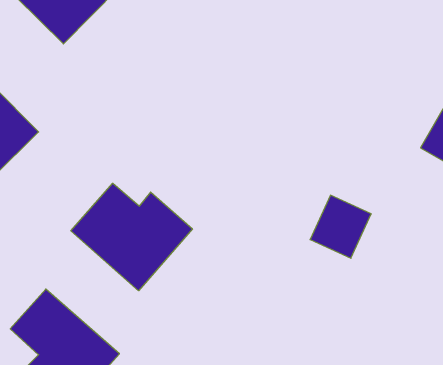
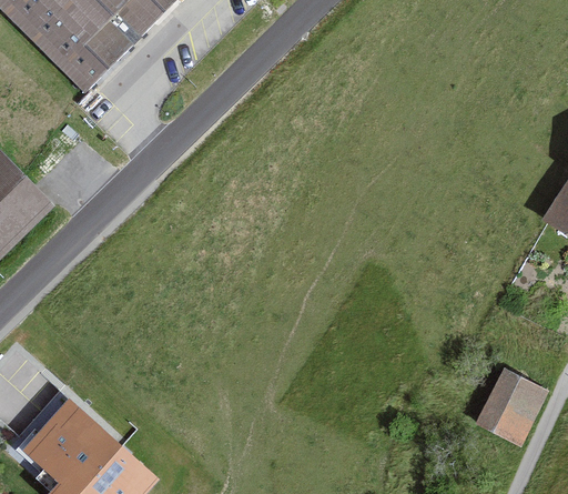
building: [71,183,192,291] -> none
building: [310,195,371,258] -> [465,369,541,447]

